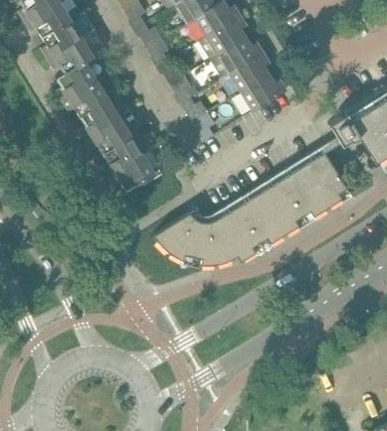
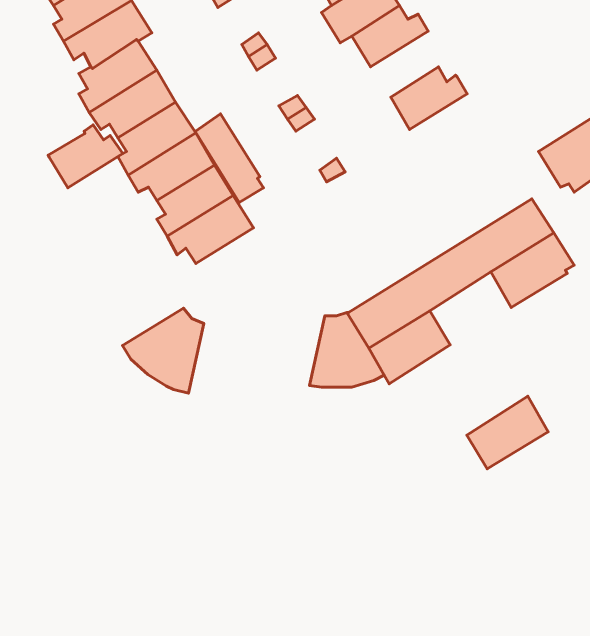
building: [230,52,270,92] -> none
building: none -> [195,114,264,203]
building: none -> [48,125,123,188]
building: [265,195,314,239] -> [467,396,548,469]
building: [155,212,203,263] -> [122,308,204,393]

